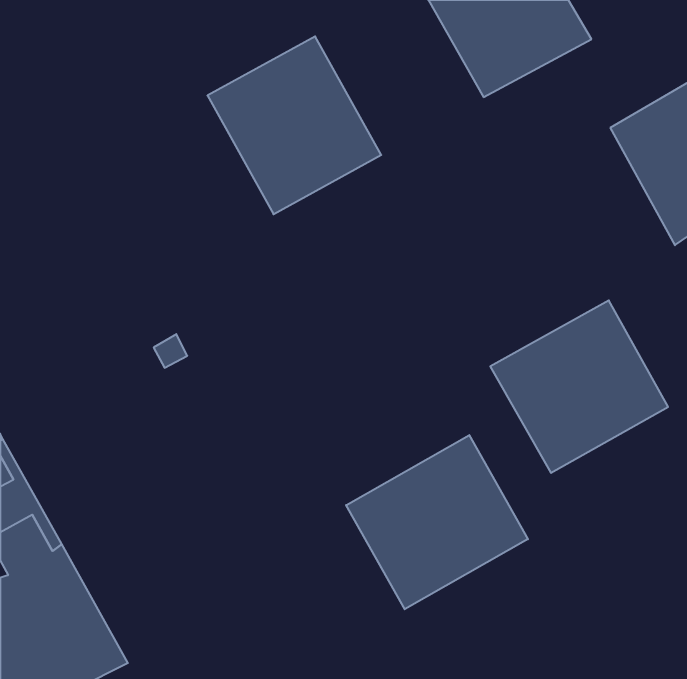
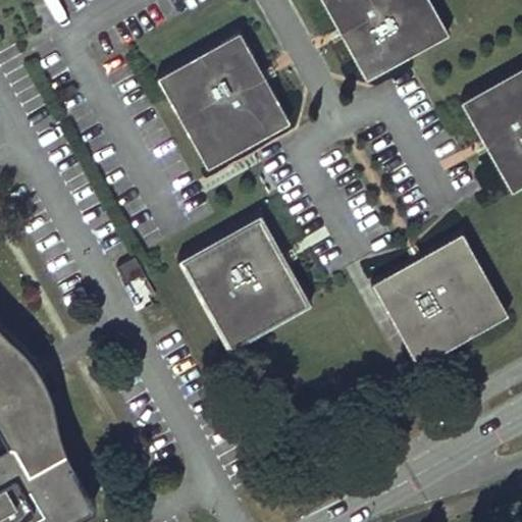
building: none -> [178,216,311,351]
building: [346,435,528,609] -> none

